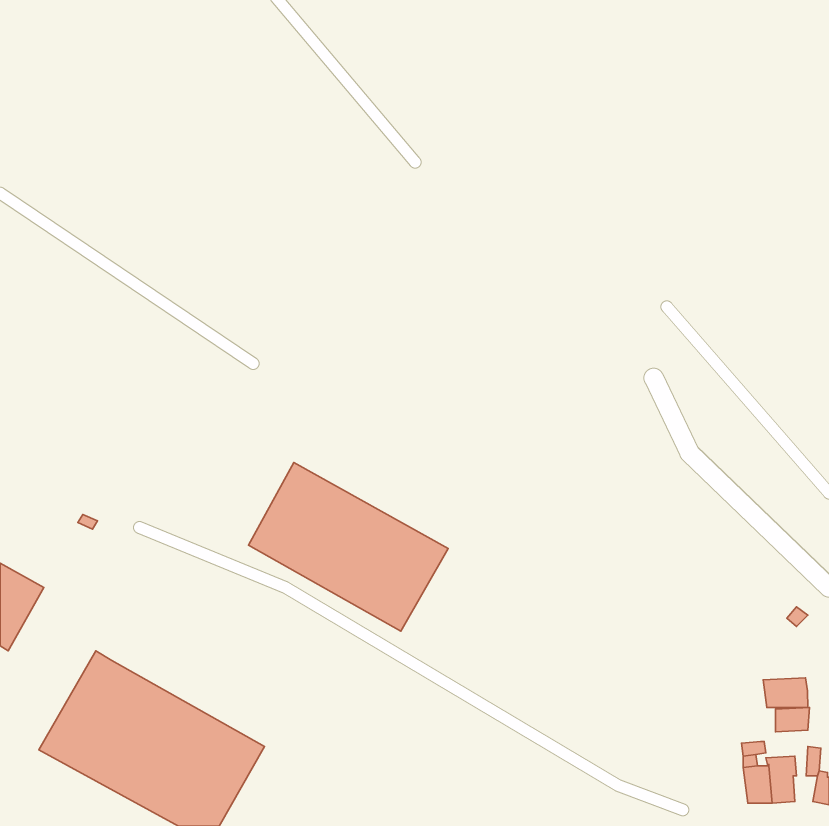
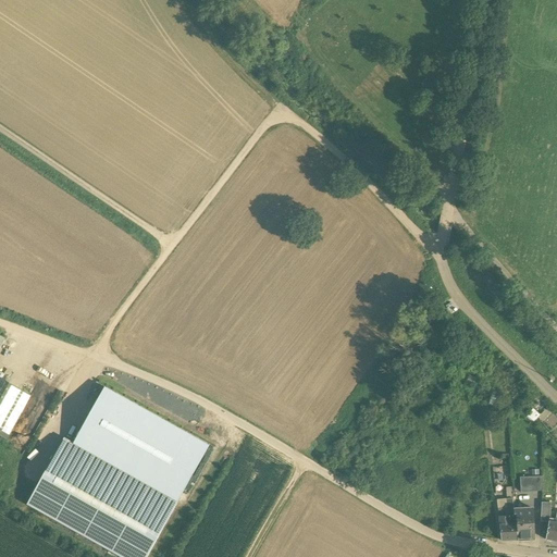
building: [248,462,448,631] -> [75,387,209,500]
building: [763,678,808,708] -> none

